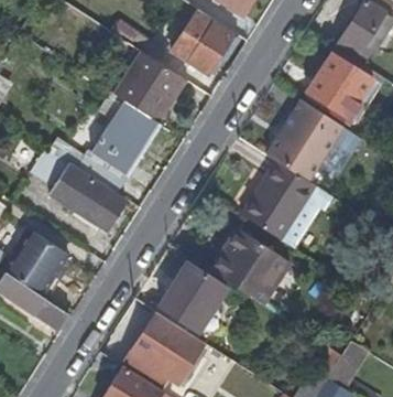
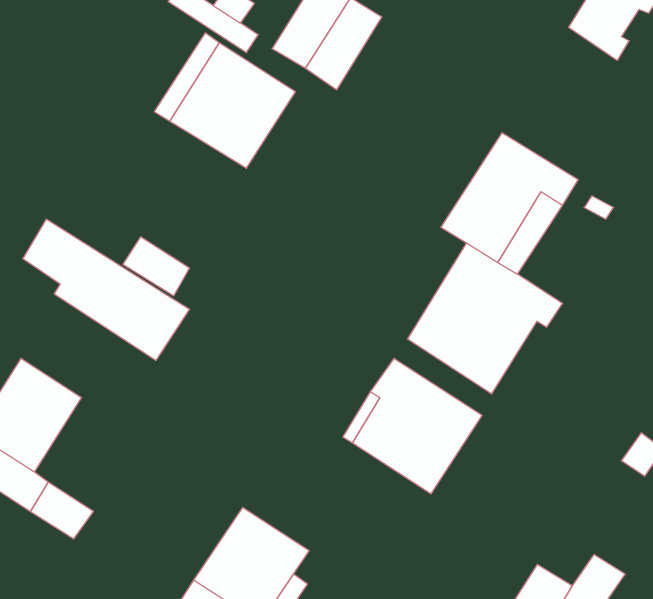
building: [312,56,372,117] -> none
building: [91,100,161,175] -> none
building: [160,261,225,328] -> none

